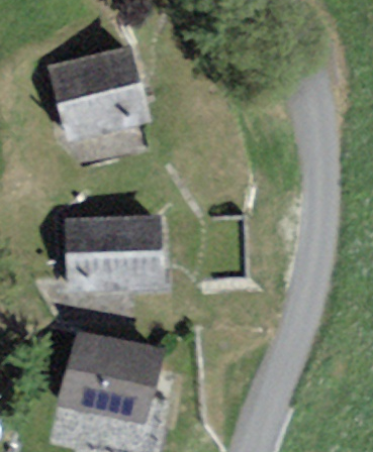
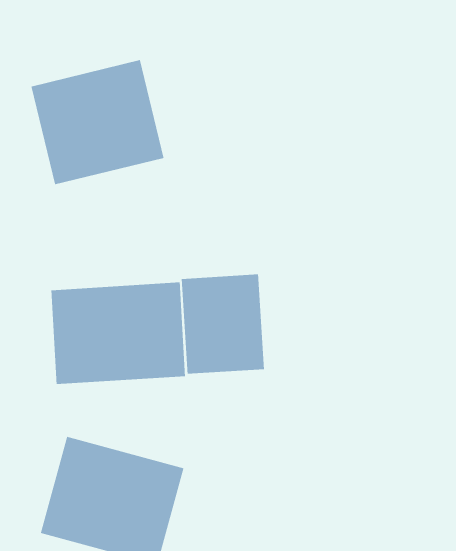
building: none -> [181,274,265,375]

